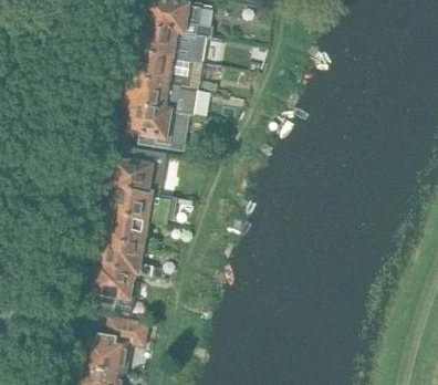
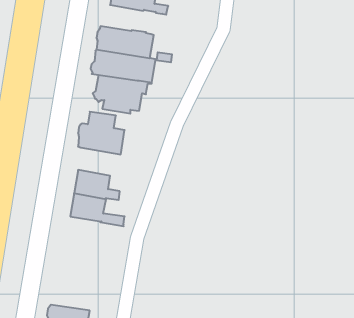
building: [135,23,206,60] -> none
building: [109,187,170,222] -> none
building: [90,264,136,311] -> none
building: [77,316,147,373] -> none

